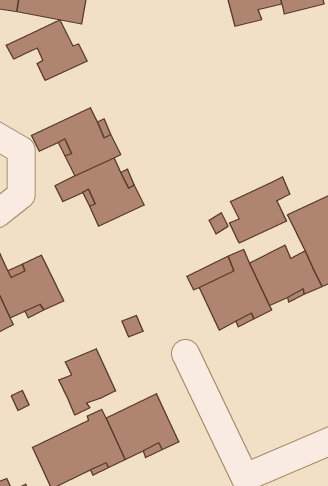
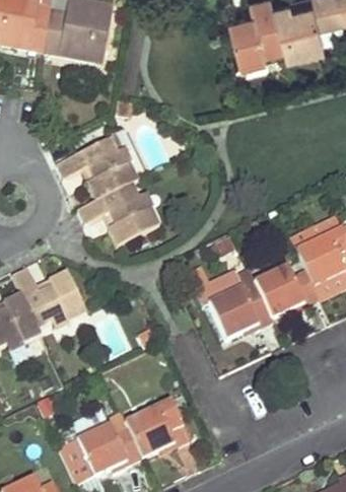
building: [6,20,87,80] -> none
building: [230,177,290,243] -> none
building: [59,349,116,415] -> none

